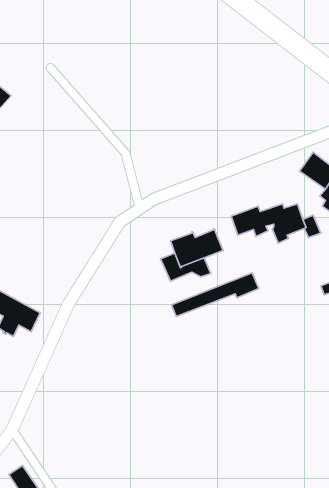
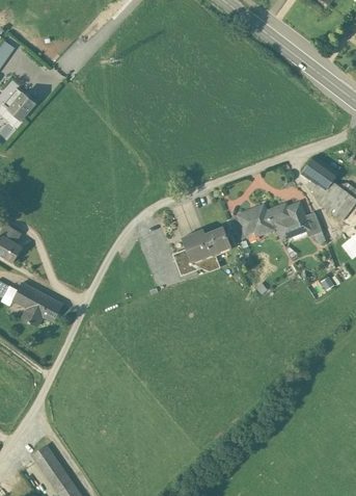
building: [172,273,259,316] -> none

